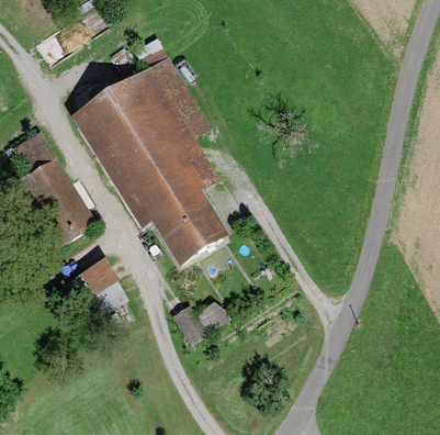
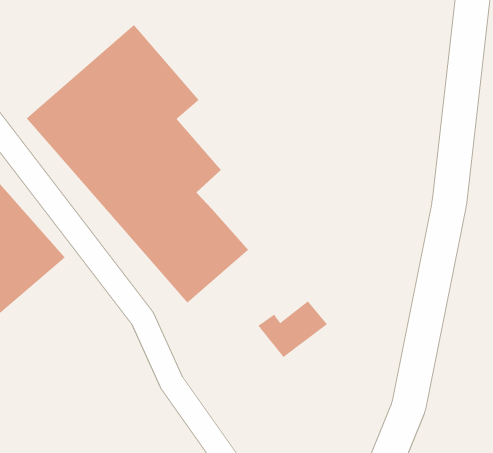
building: [68,261,125,317] -> none
building: [174,303,224,341] -> [258,301,328,358]

